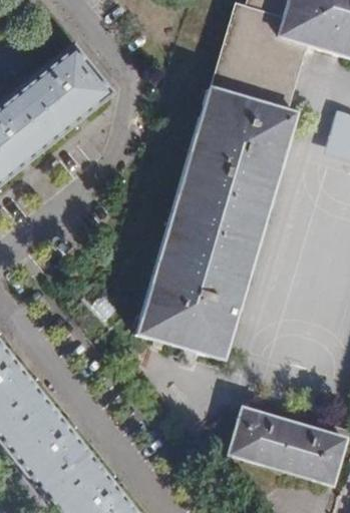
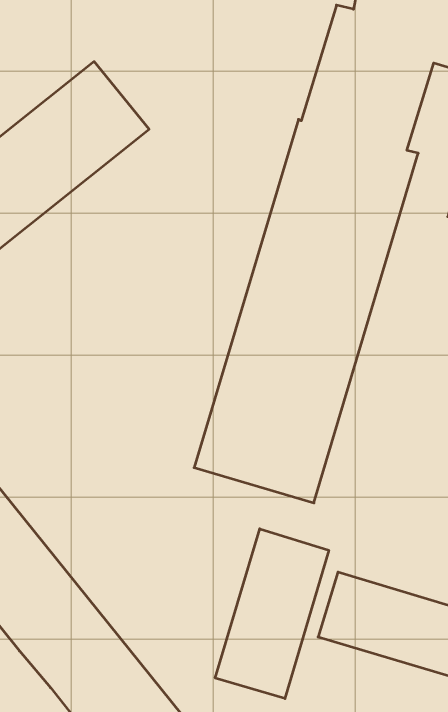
building: none -> [215,529,329,699]

